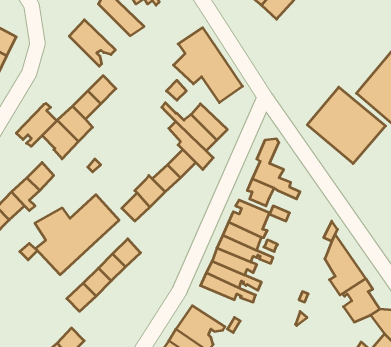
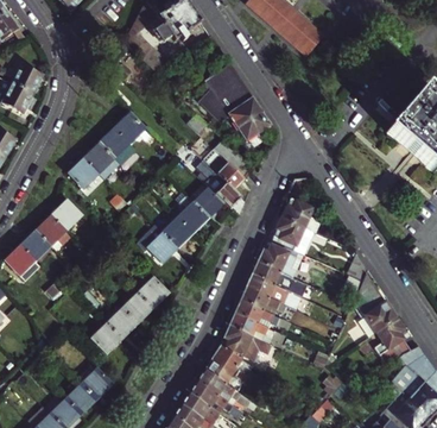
building: [69,20,115,66] -> none
building: [307,87,386,164] -> none
building: [16,103,57,146] -> none
building: [35,195,119,275] -> none
building: none -> [223,326,273,354]

